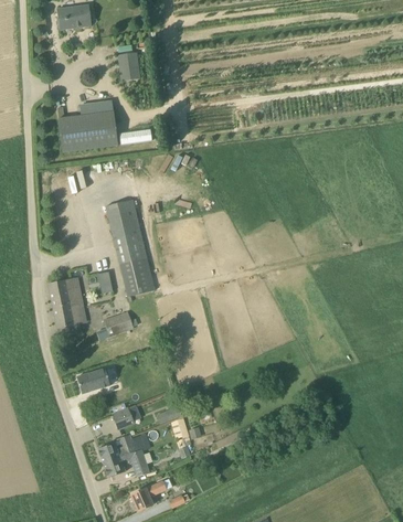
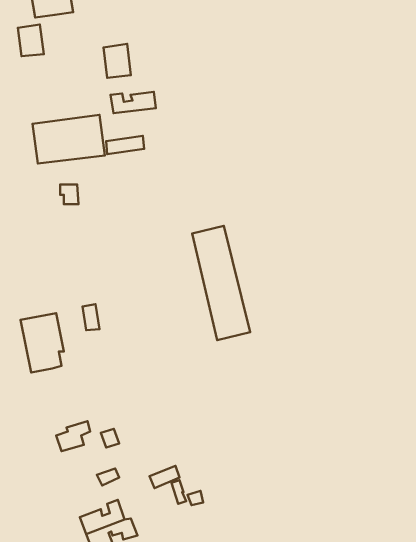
building: none -> [18,25,44,56]
building: none -> [110,92,156,113]
building: [106,200,155,296] -> [192,226,250,340]
building: [104,311,134,335] -> none

